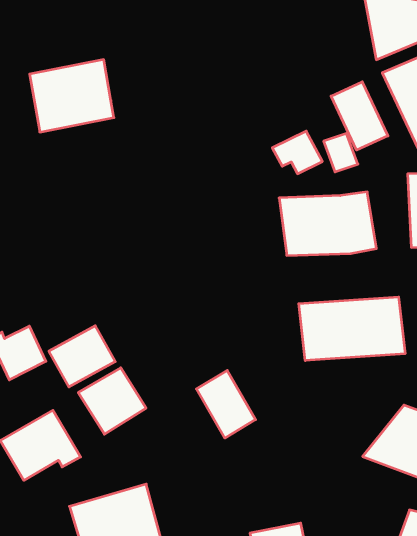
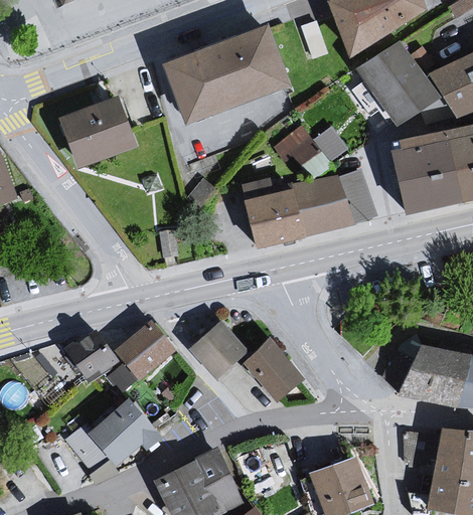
building: none -> [165,25,288,122]
building: [331,82,388,150] -> none
building: none -> [244,183,303,247]
building: [299,297,405,361] -> none
building: [78,368,146,434] -> [189,322,249,380]

